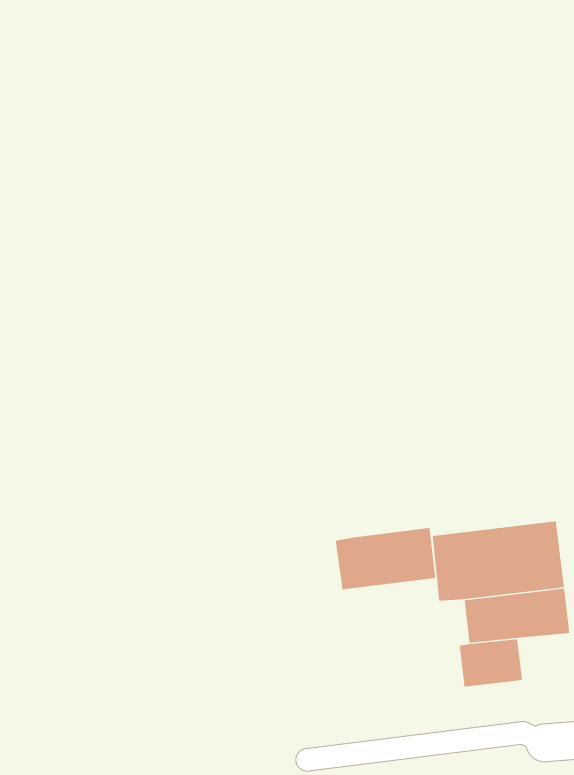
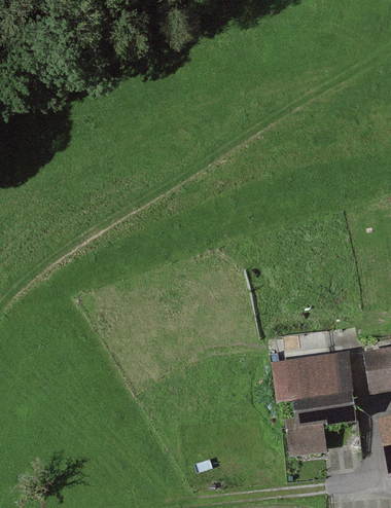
building: [335,527,436,590] -> none

